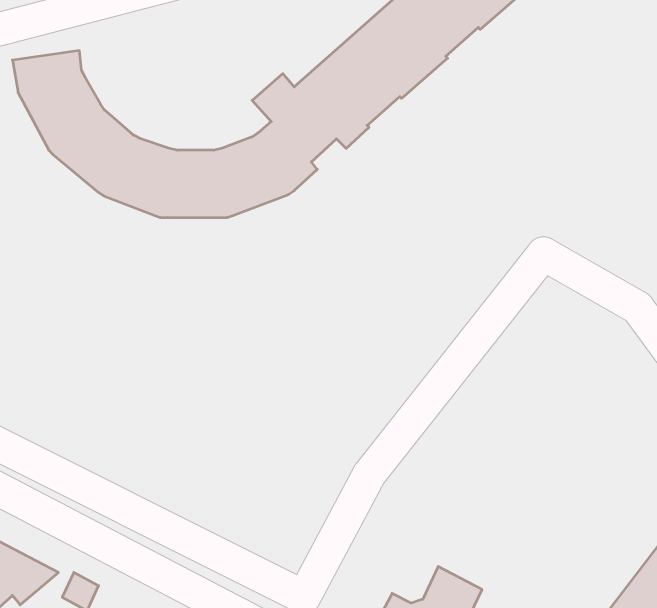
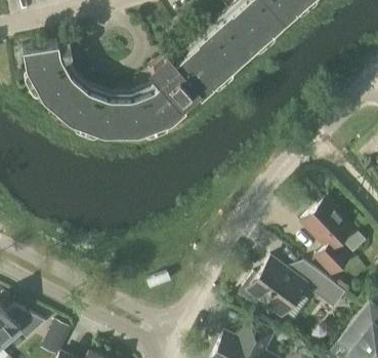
building: none -> [302,201,354,276]
building: none -> [242,257,338,316]

